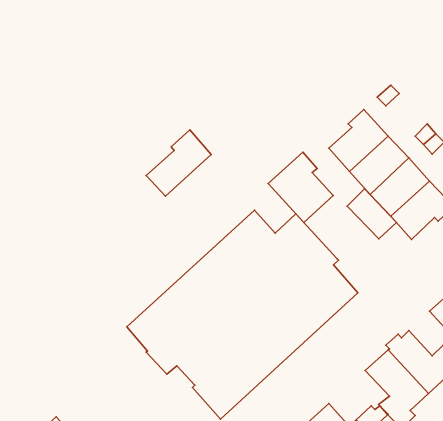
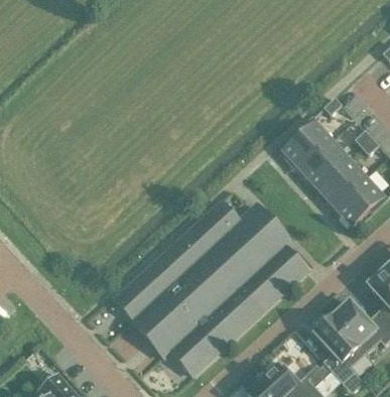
building: [146,130,211,196] -> none
building: [268,152,333,222] -> none
building: [347,189,396,239] -> none

